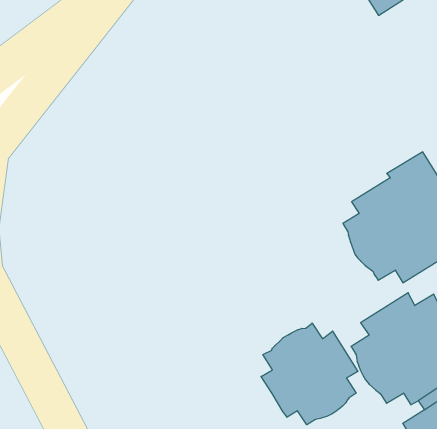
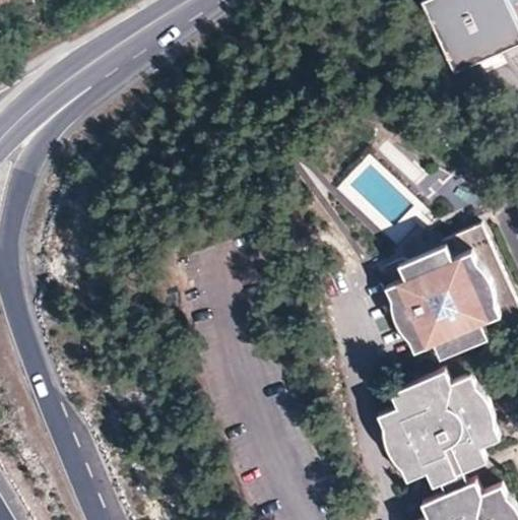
building: [261,323,358,425] -> none

